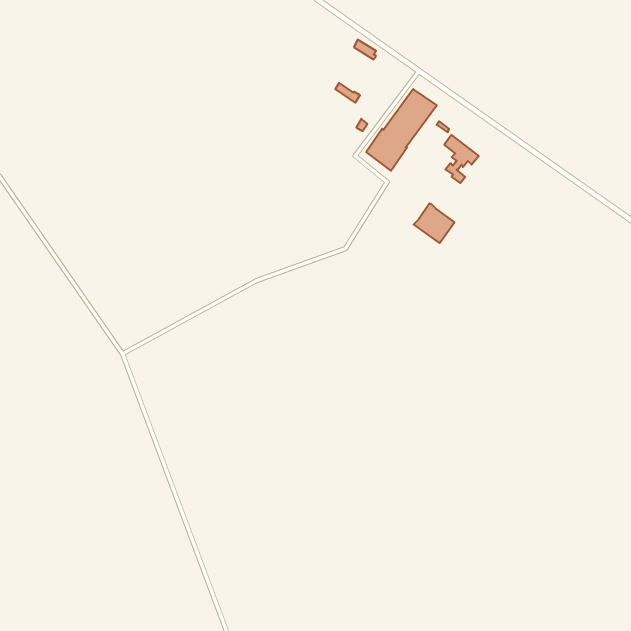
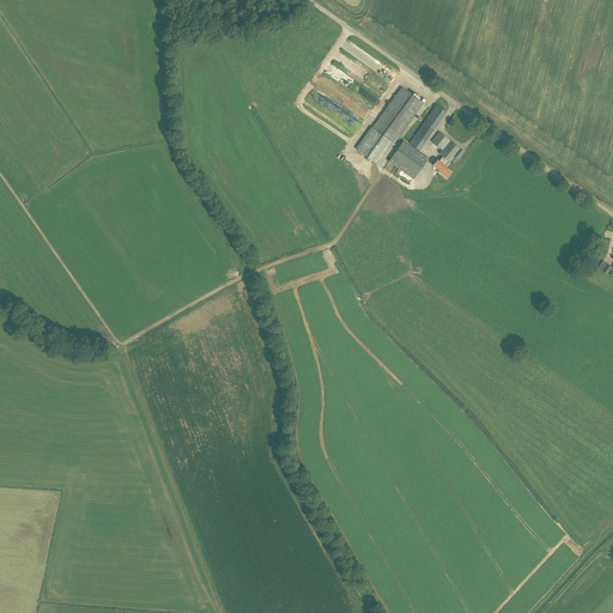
building: [414,203,454,243] -> [387,139,426,177]

